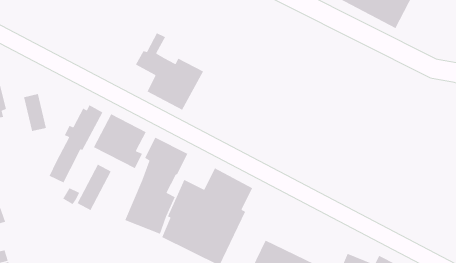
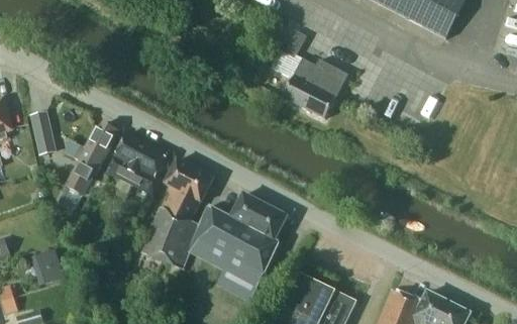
building: [135,32,204,111] -> [271,30,348,118]
building: [76,164,112,211] -> none
building: none -> [30,248,64,285]

